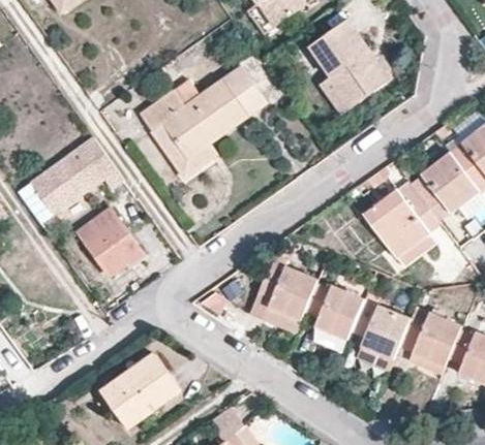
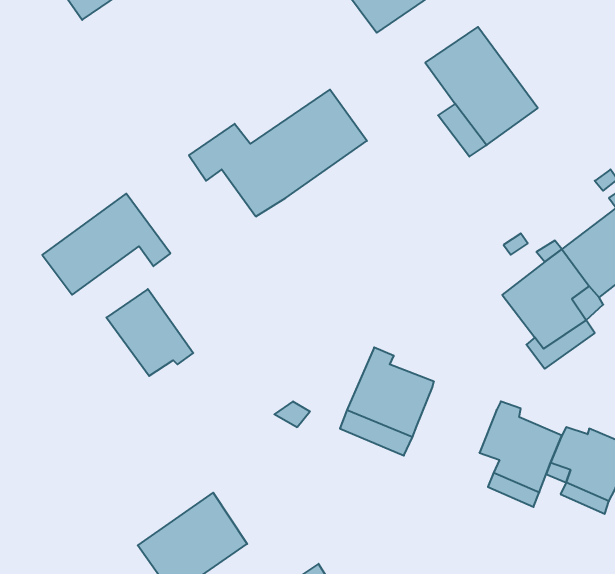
building: [150,124,216,180] -> none
building: [303,282,361,338] -> none

